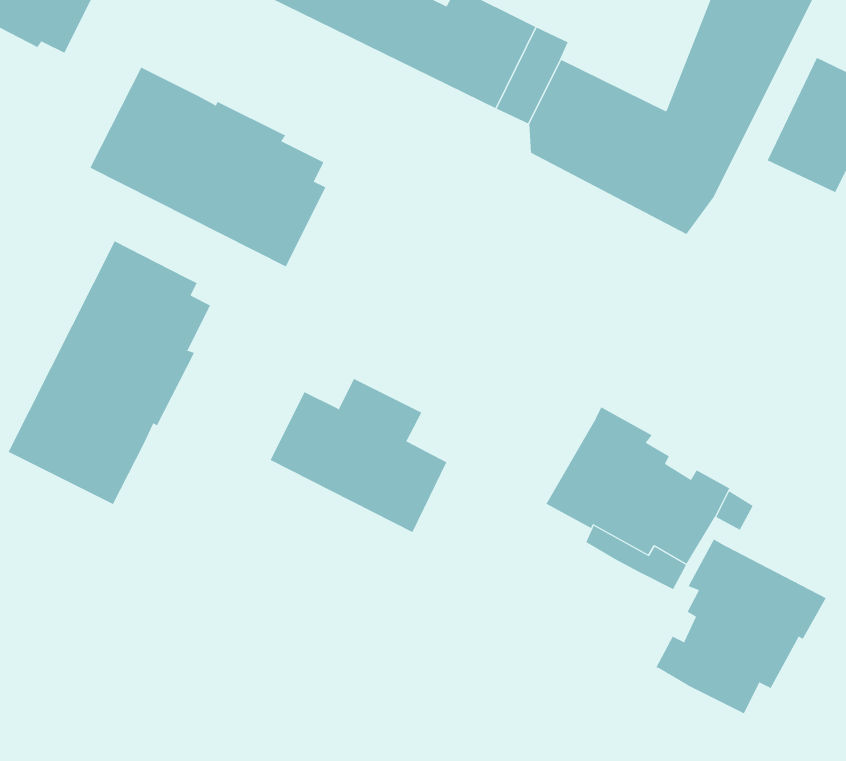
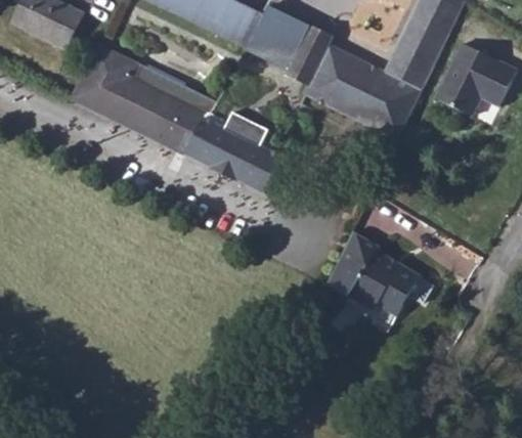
building: [8,241,211,505] -> none
building: [270,378,447,533] -> [180,111,275,193]
building: [655,538,826,714] -> none

